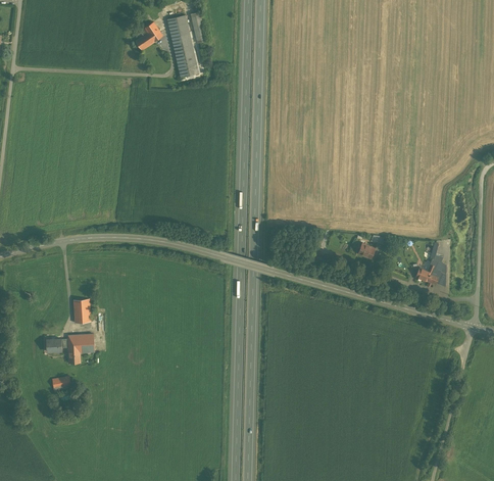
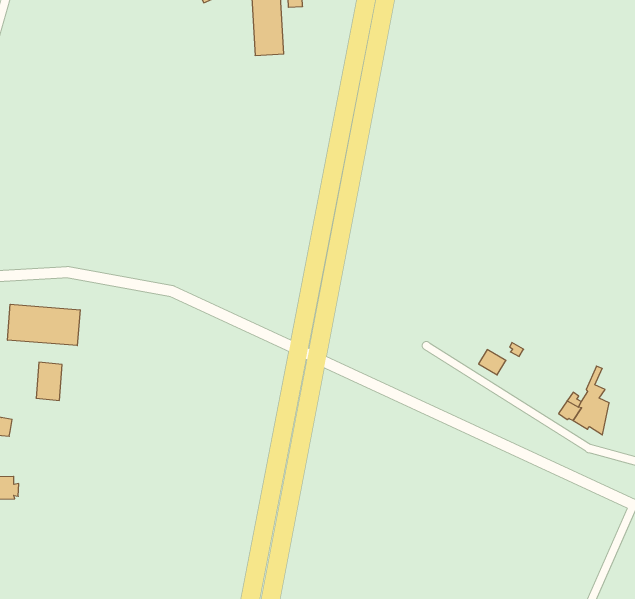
building: none -> [8,304,80,346]
building: [67,334,95,363] -> none

